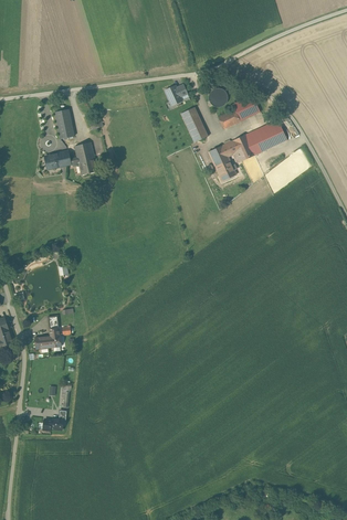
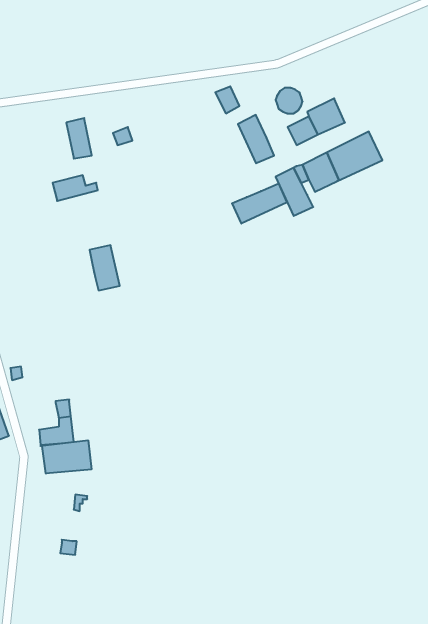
building: [75,141,97,174] -> [90,245,120,290]
building: none -> [232,183,287,224]
building: none -> [40,440,91,474]

